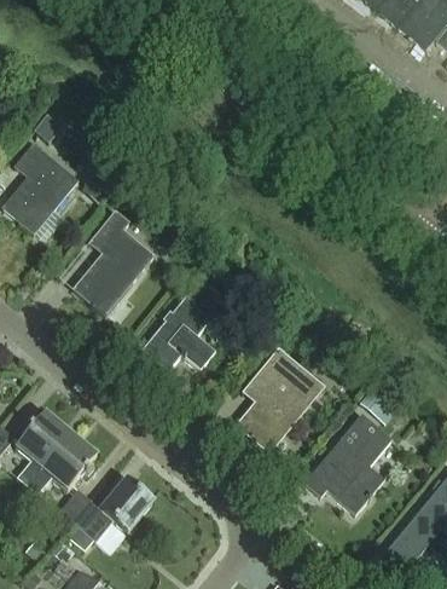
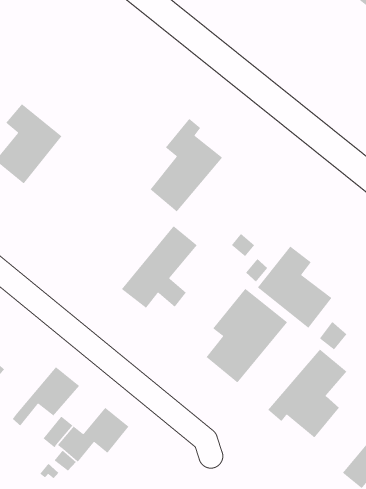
building: [71,210,152,314] -> [149,118,223,212]
building: none -> [257,245,333,329]
building: [16,411,70,485] -> none

